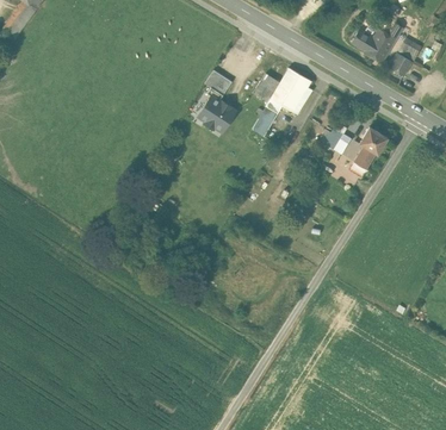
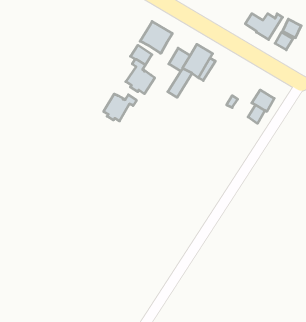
building: none -> [140,21,172,53]
building: none -> [104,94,136,121]

